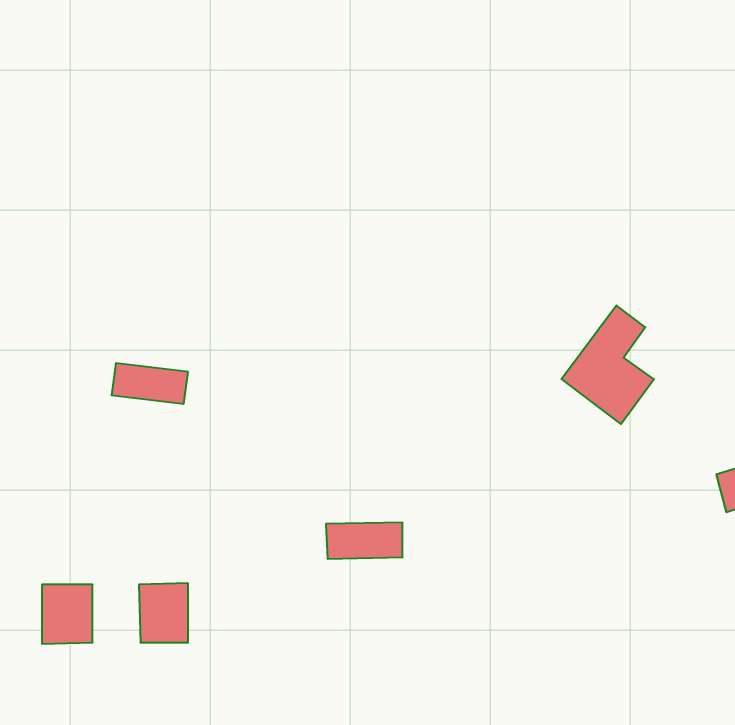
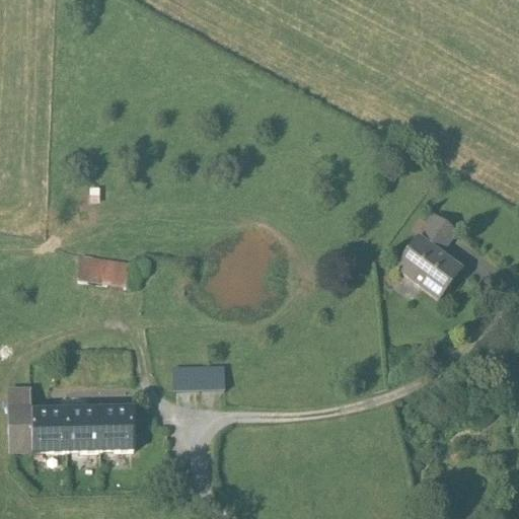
building: [326,523,403,559] -> [171,363,225,388]
building: none -> [9,384,32,451]
building: none -> [68,410,101,450]

